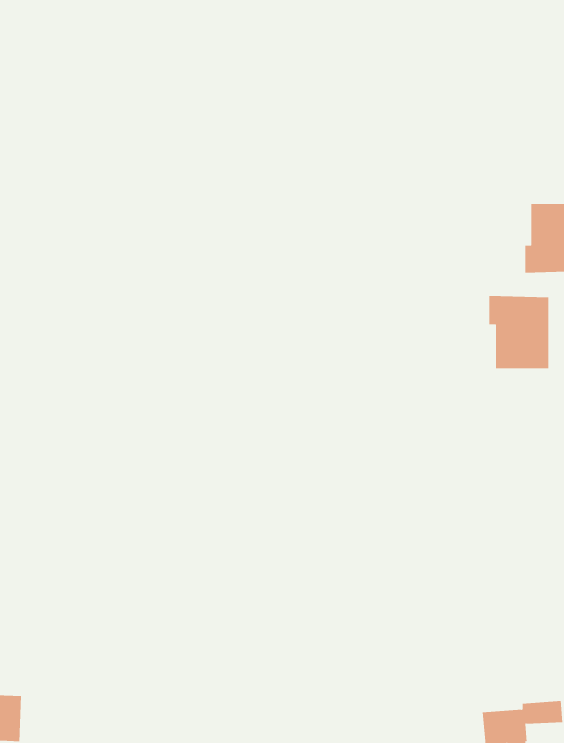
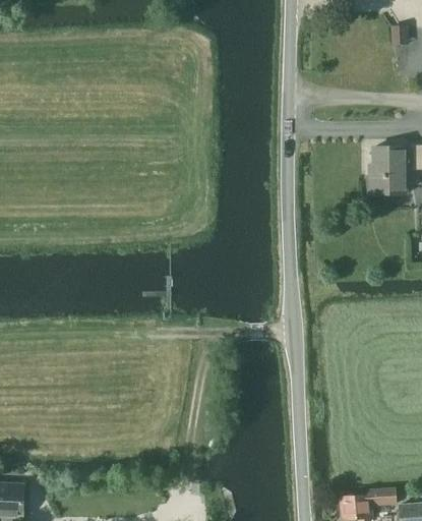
building: [489,295,549,369] -> none

